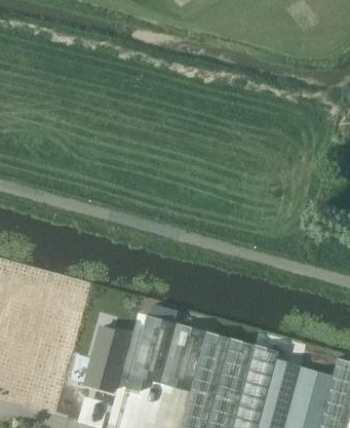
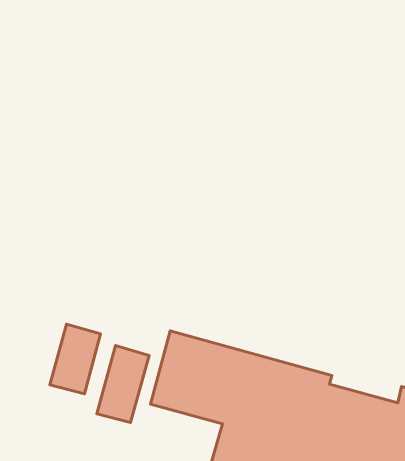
building: none -> [50,324,101,394]

